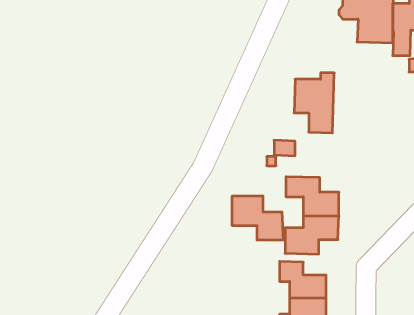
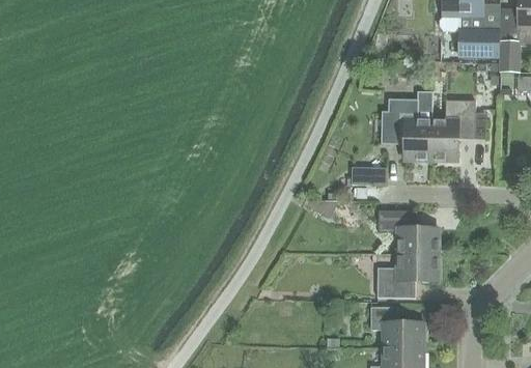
building: none -> [430,100,485,160]
building: [232,196,283,240] -> none

